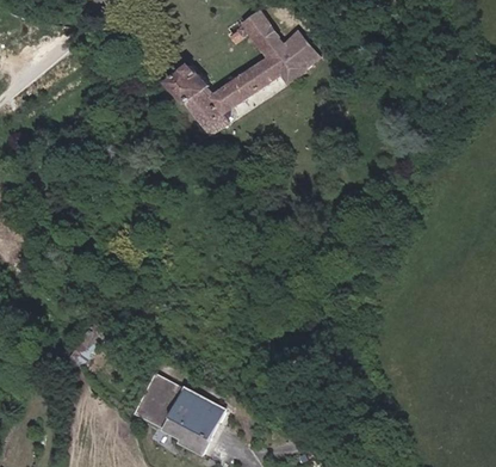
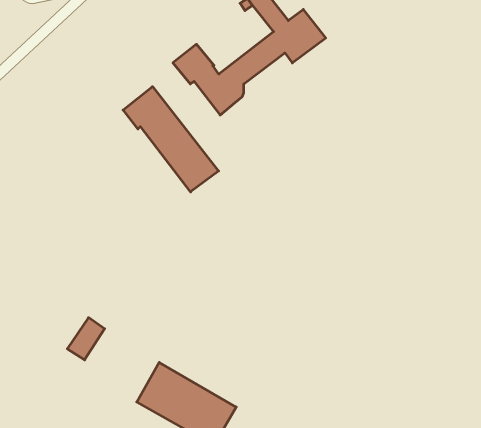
building: none -> [123,87,219,192]

